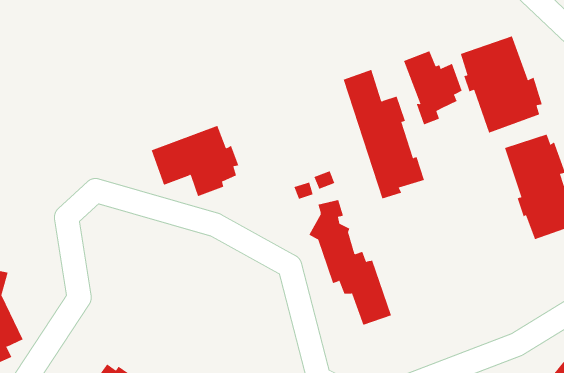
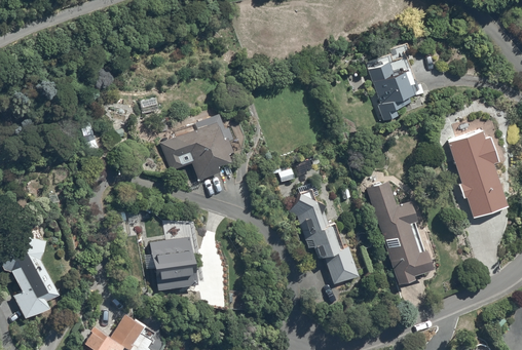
building: [460,36,543,133] -> none
building: [343,69,425,199] -> [365,181,432,286]
building: none -> [145,236,197,291]

